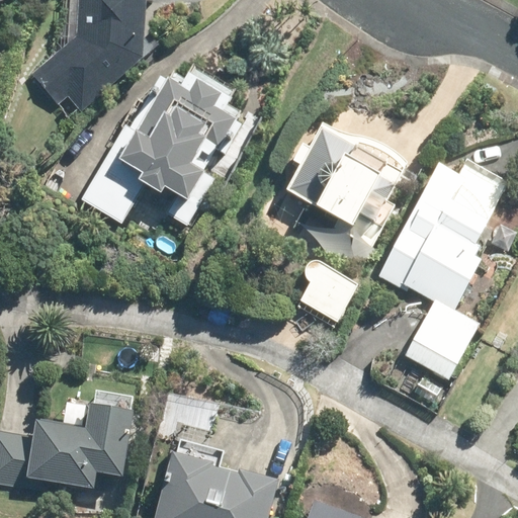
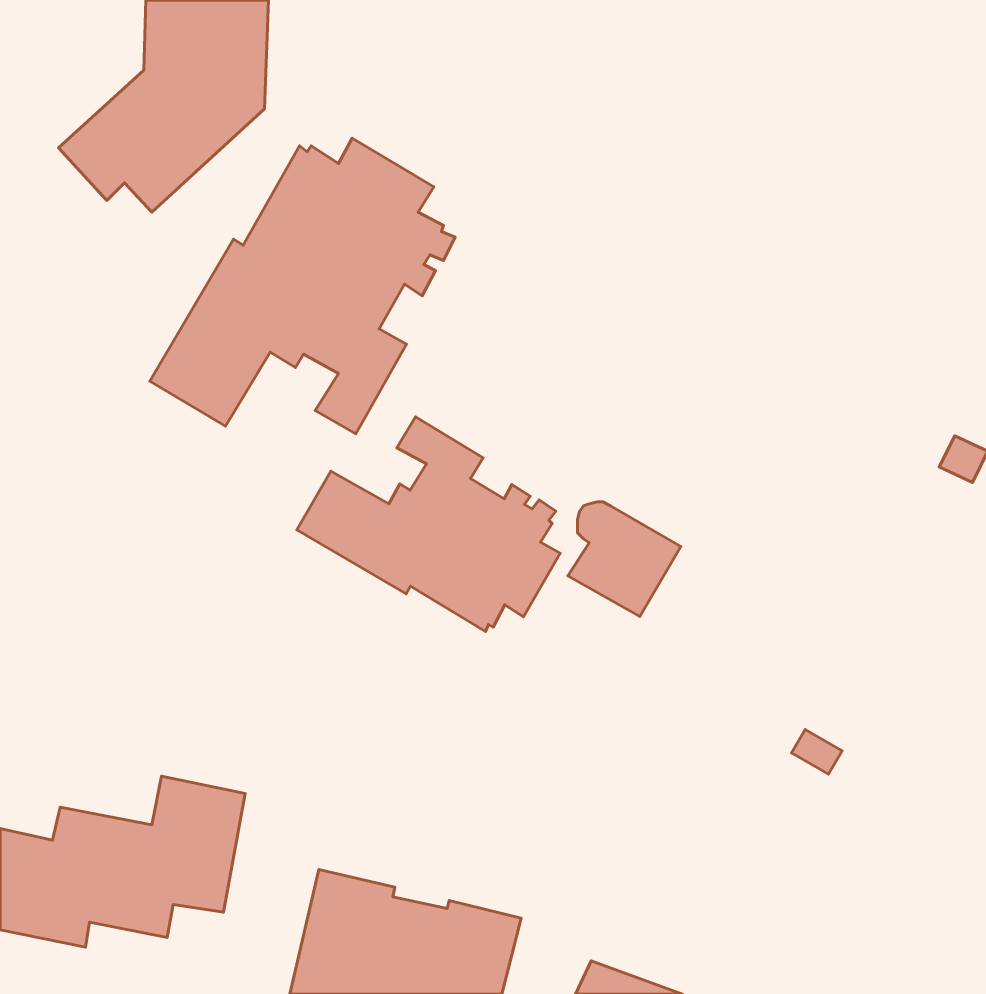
building: [284,120,417,248] -> none
building: [378,163,487,379] -> none
building: none -> [297,417,560,631]

